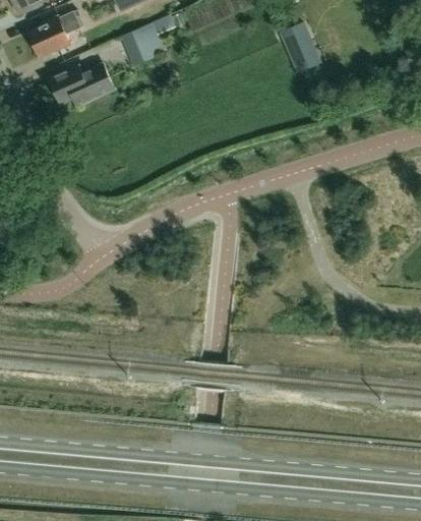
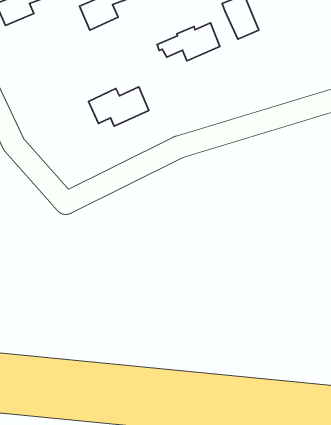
building: none -> [157,23,220,61]
building: [49,62,116,106] -> [88,87,149,126]

